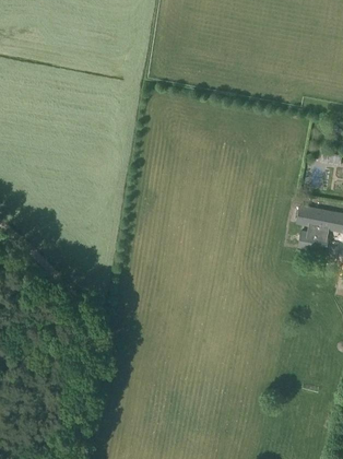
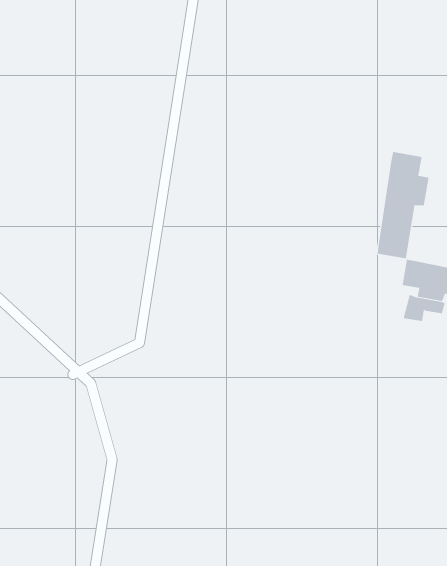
building: none -> [377,151,429,259]

